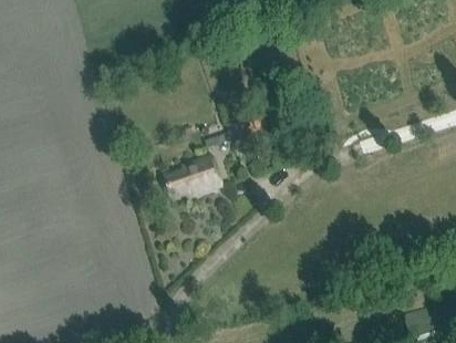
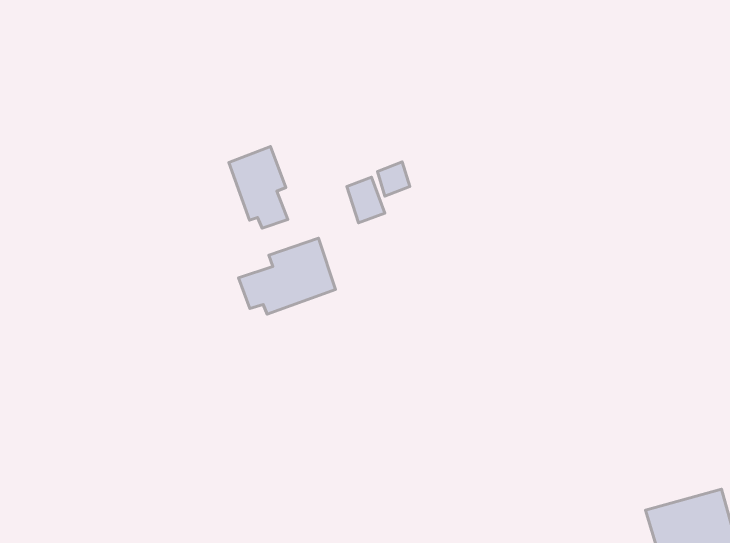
building: none -> [229,146,288,228]

